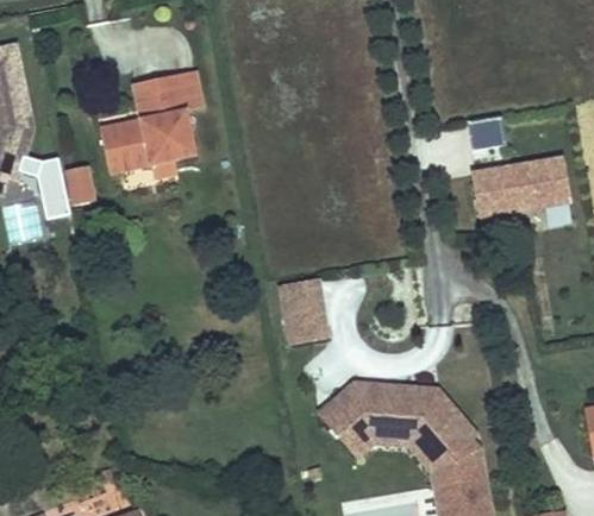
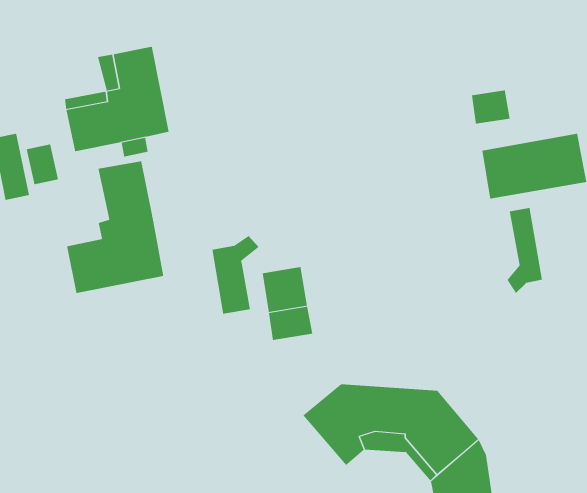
building: none -> [66,160,164,294]
building: none -> [507,207,543,294]
building: none -> [212,235,260,314]

